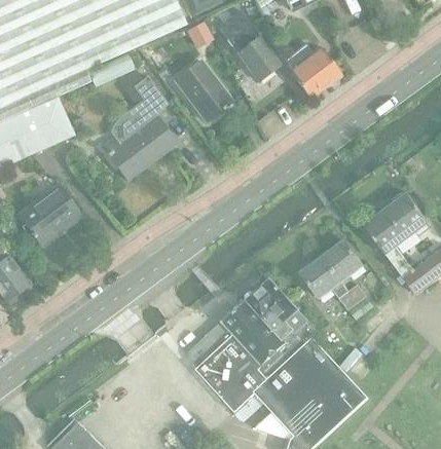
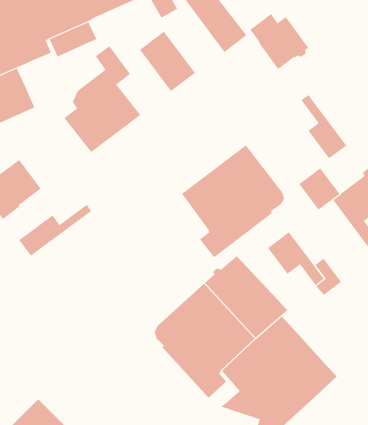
building: none -> [300,94,347,159]
building: none -> [181,144,284,258]
building: none -> [18,204,92,257]
building: [322,239,363,282] -> [298,168,340,211]

